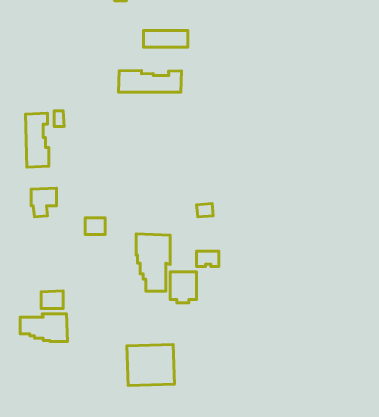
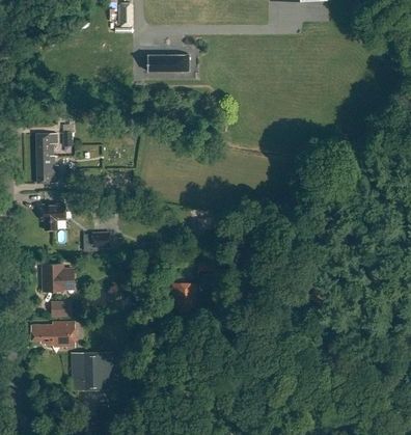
building: [119,70,182,92] -> none
building: [136,234,170,291] -> none
building: none -> [43,264,74,291]
building: [127,345,174,385] -> [71,352,115,390]

